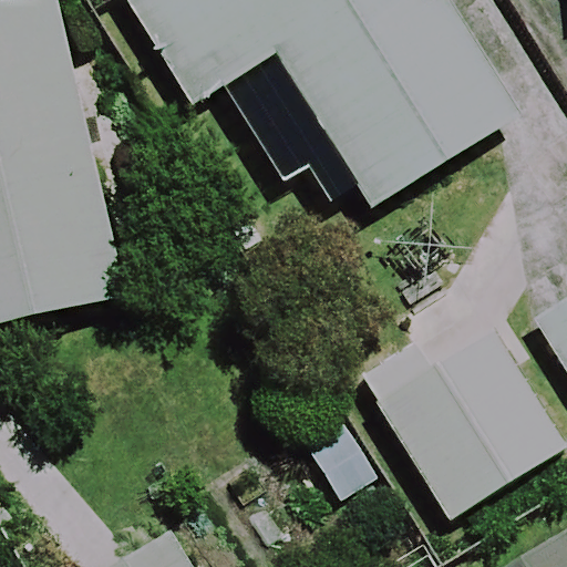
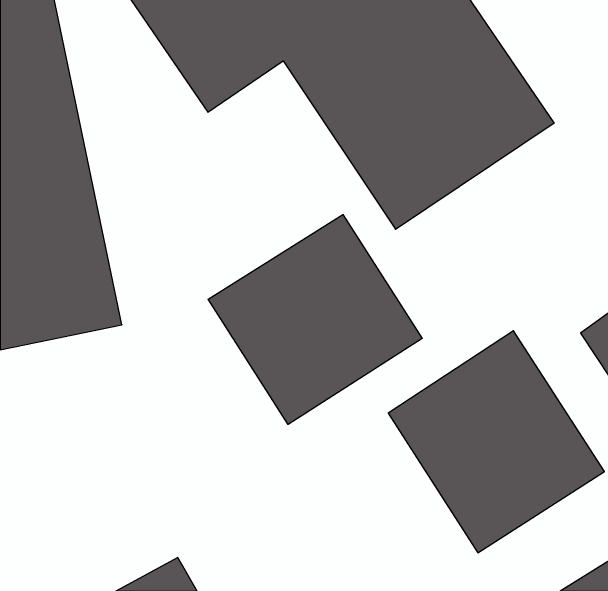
building: none -> [208,215,422,424]

